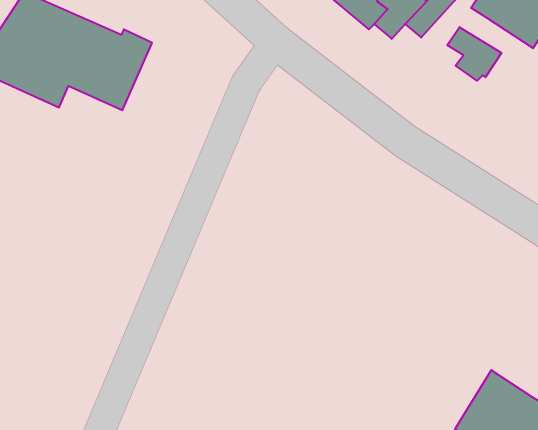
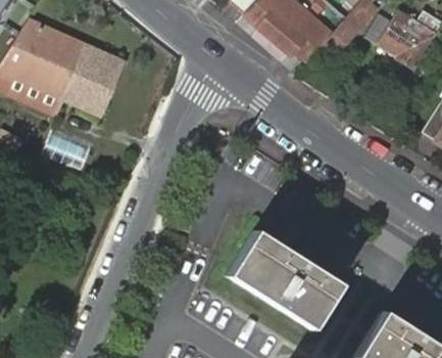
building: [447,27,501,81] -> none
building: none -> [228,231,340,329]

